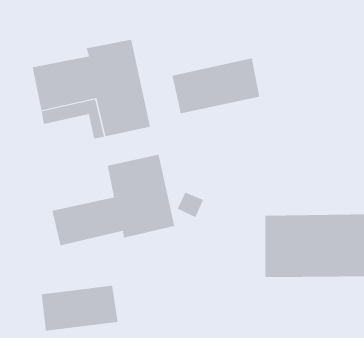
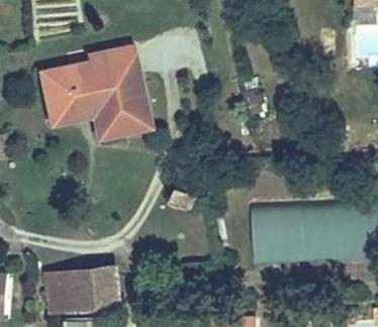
building: [172,58,260,114] -> none
building: [52,154,175,246] -> none

